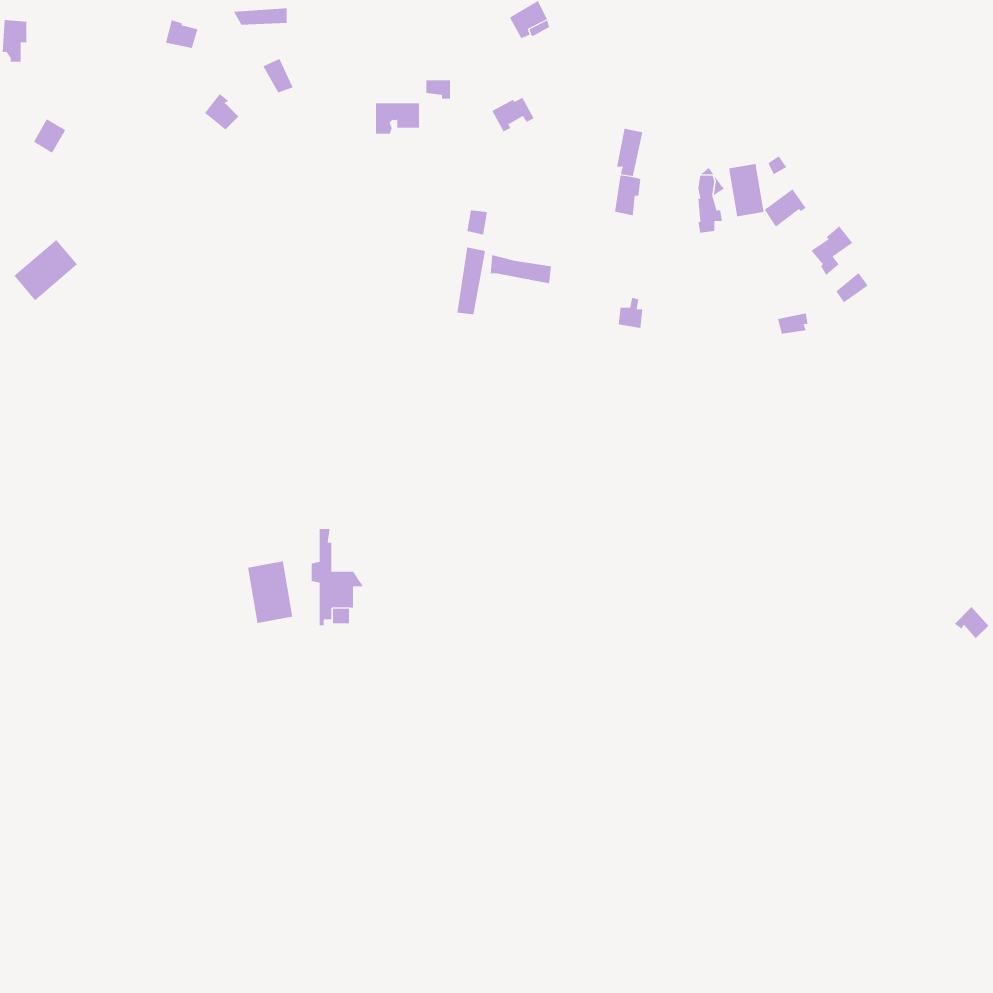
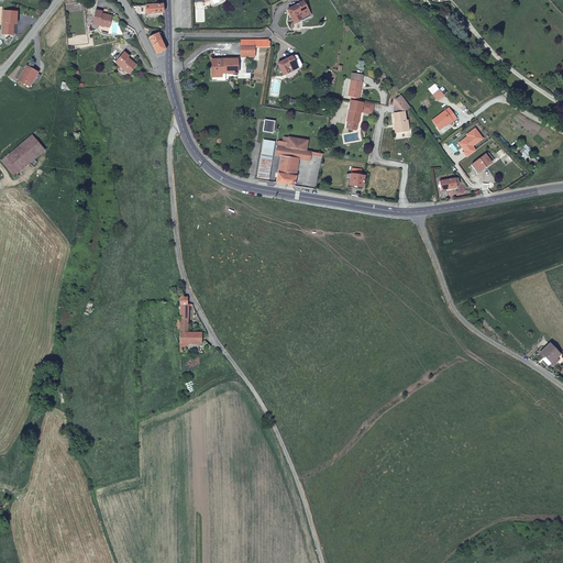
building: [729,163,764,217] -> none
building: none -> [277,155,299,185]
building: [247,561,293,624] -> none

